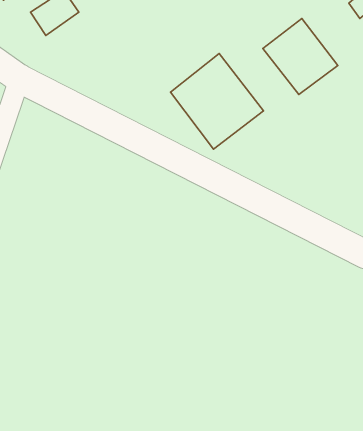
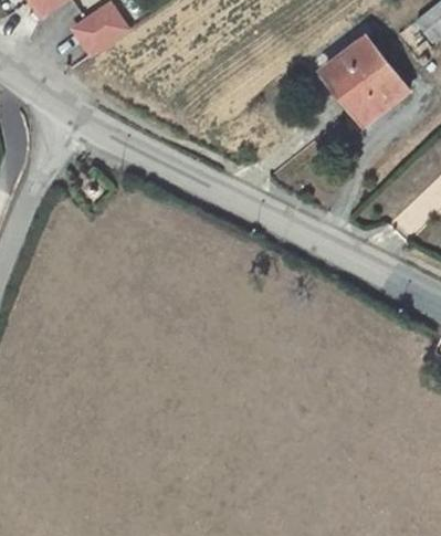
building: [170,53,263,149] -> none

